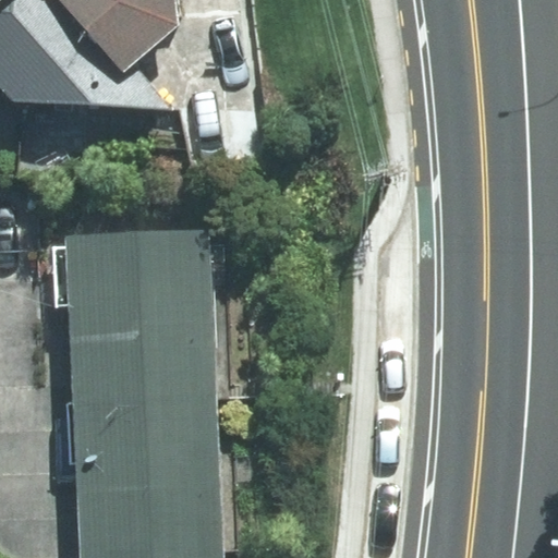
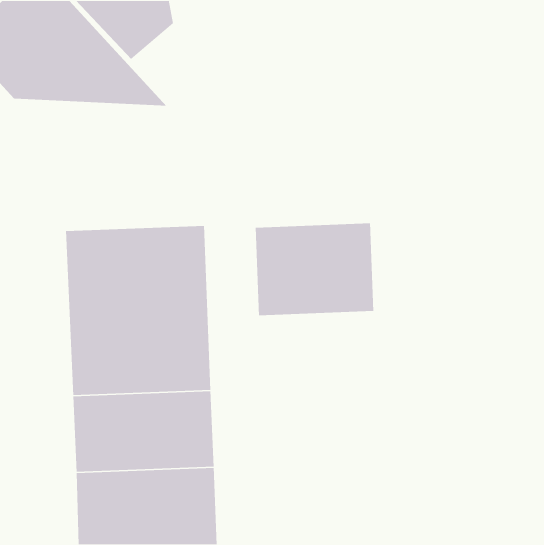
building: none -> [255,223,374,316]

